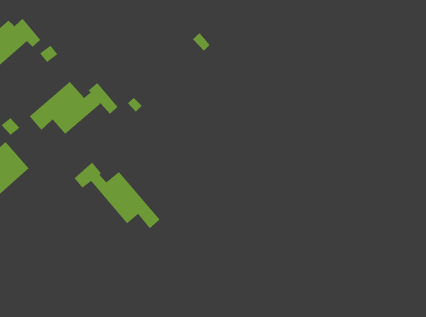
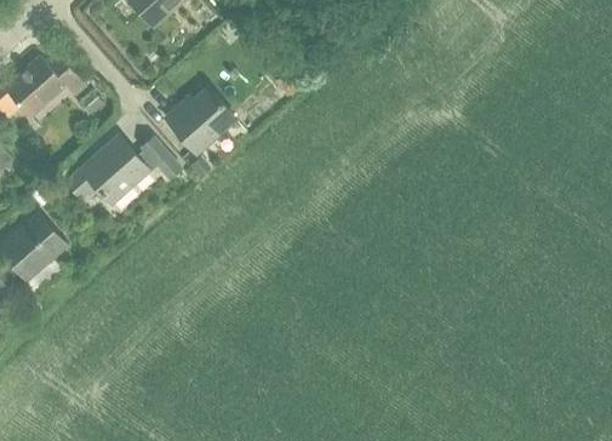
building: none -> [165,87,235,153]
building: [74,162,161,229] -> none

